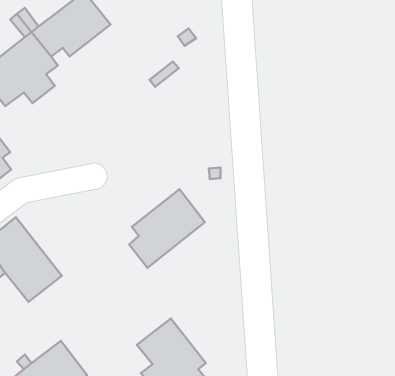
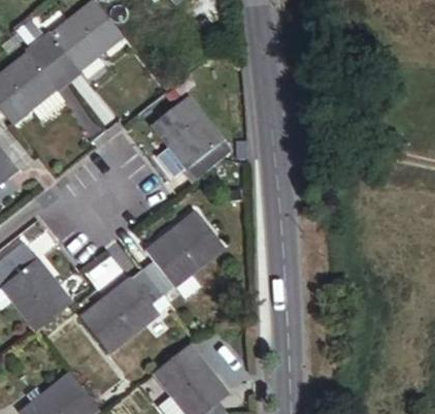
building: none -> [155,96,233,180]
building: none -> [81,269,171,352]

